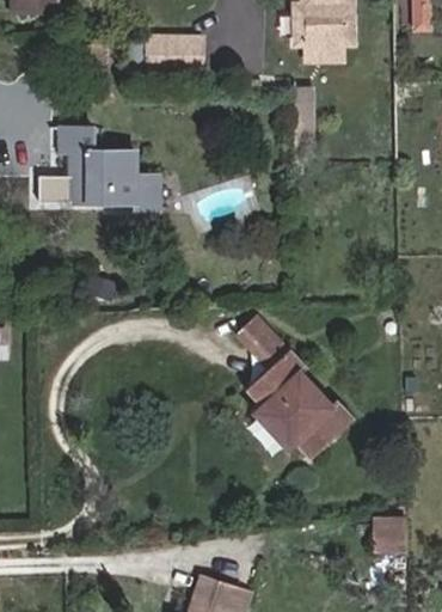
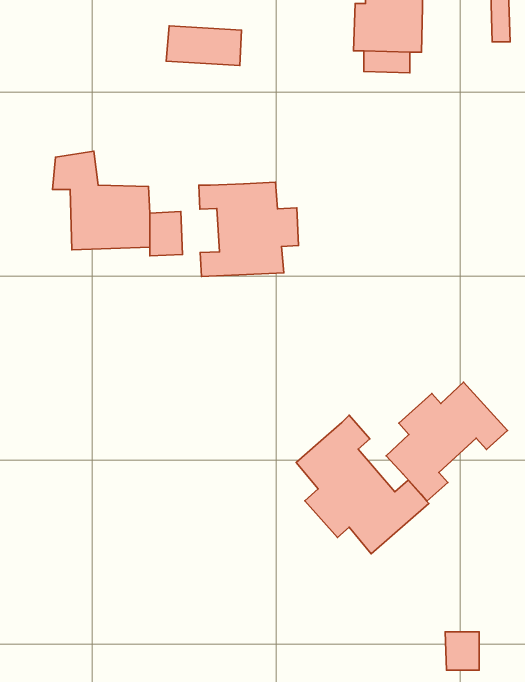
building: none -> [199,182,298,276]
building: none -> [386,382,507,501]
building: [237,316,287,365] -> none

